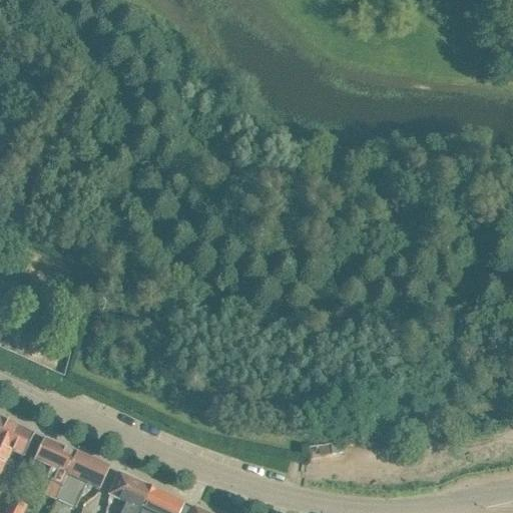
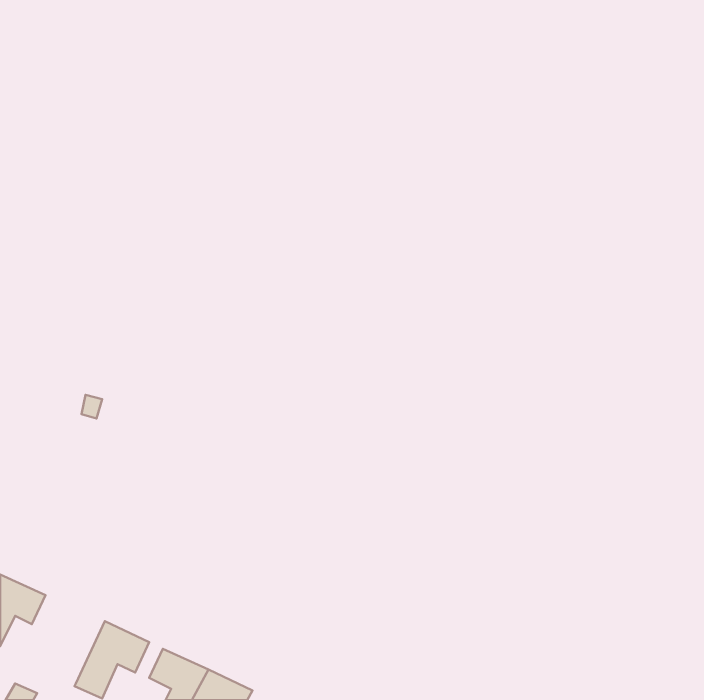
building: [34,436,77,498] -> none

